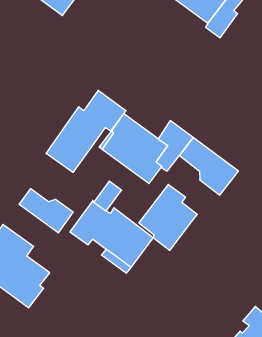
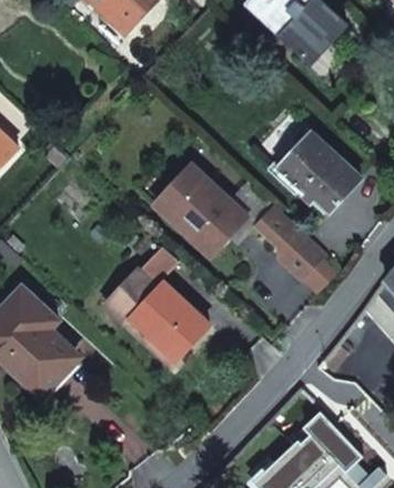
building: none -> [275,132,358,211]
building: [46,90,126,172] -> none
building: [139,184,197,250] -> none
building: [19,189,73,233] -> none

